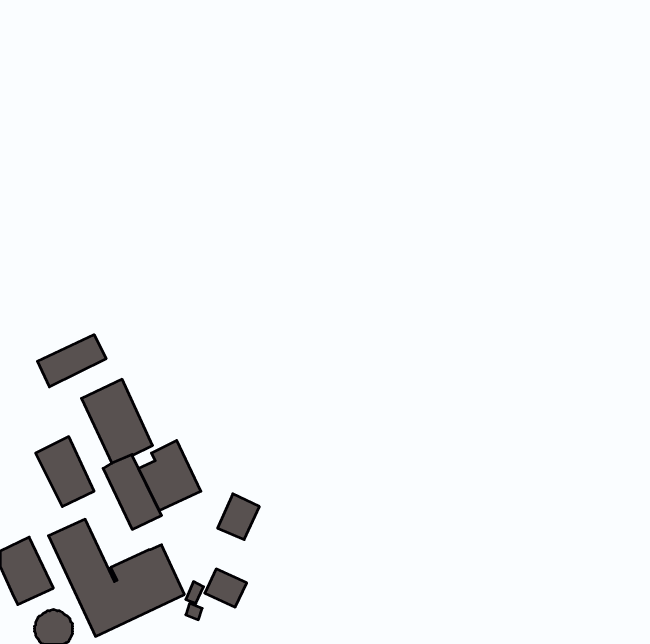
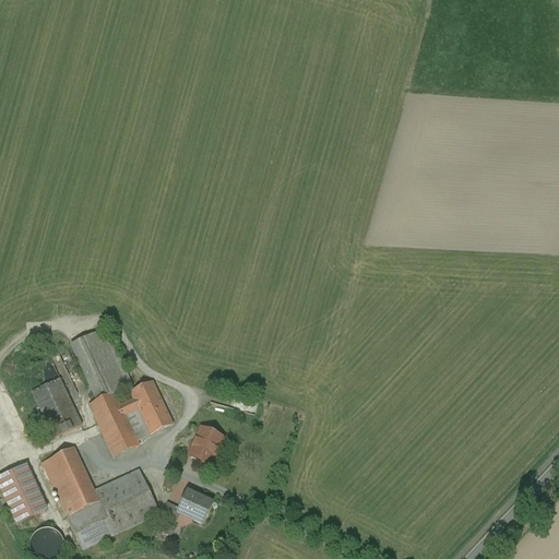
building: [37,335,106,387] -> none

